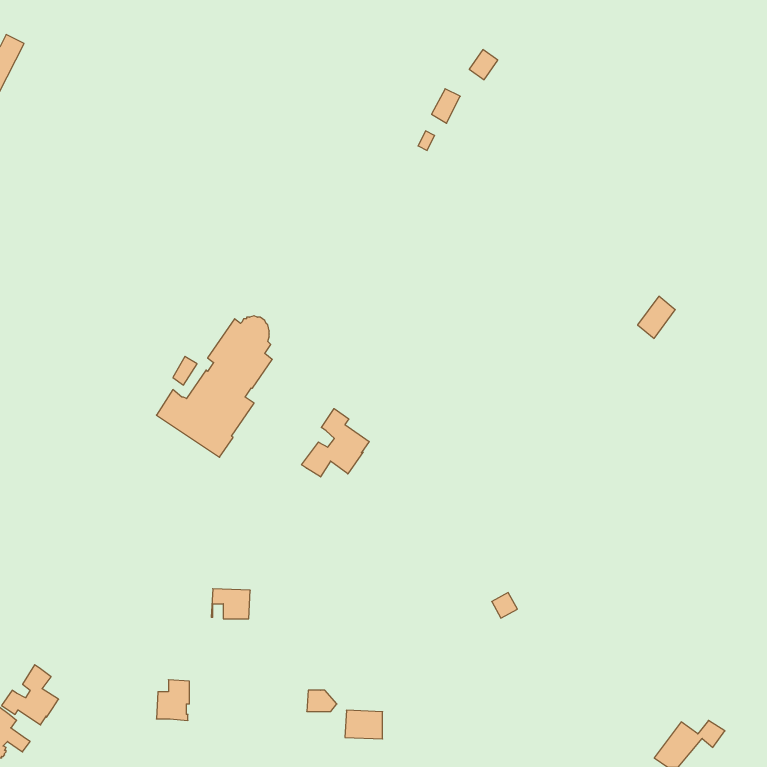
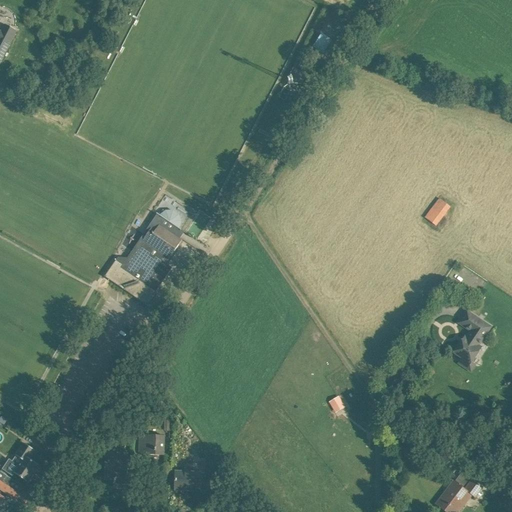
building: [302,409,369,477] -> none
building: none -> [453,310,489,371]
building: [211,589,250,619] -> [138,434,164,454]
building: [345,710,383,739] -> [174,471,199,490]

